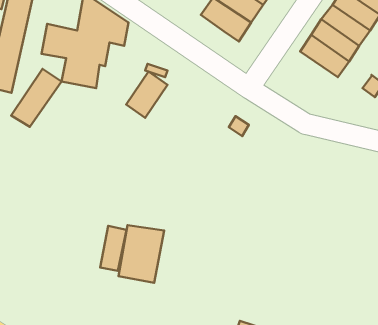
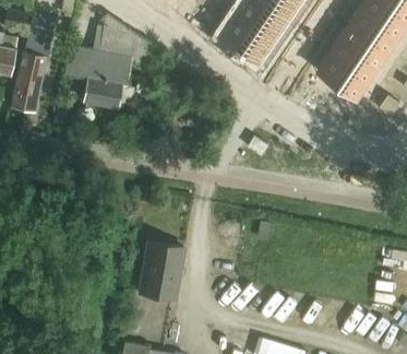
building: [11,69,62,127] -> none
building: [126,72,168,118] -> none
building: [100,226,127,271] -> none

